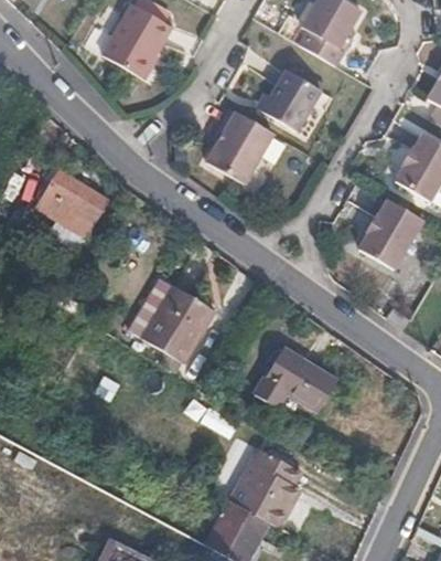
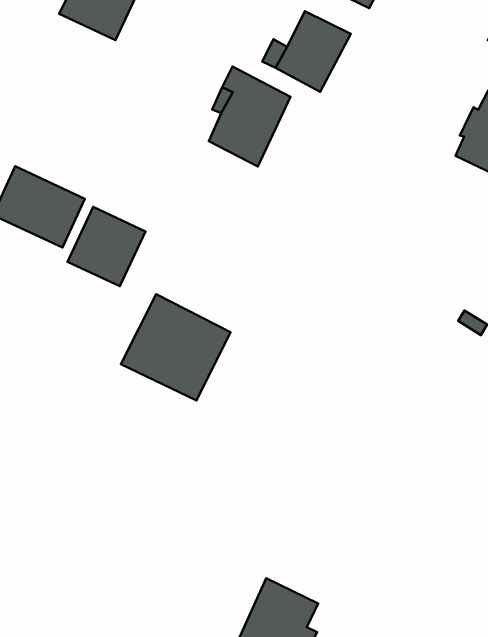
building: [345,192,411,262] -> none
building: none -> [68,207,145,286]
building: [251,349,335,413] -> none
building: [228,431,310,528] -> none

